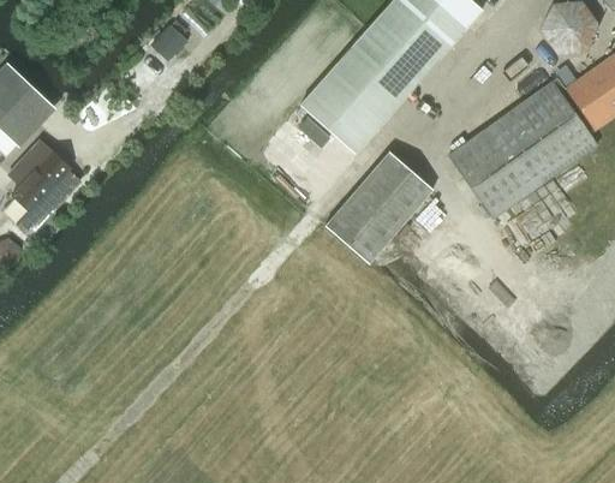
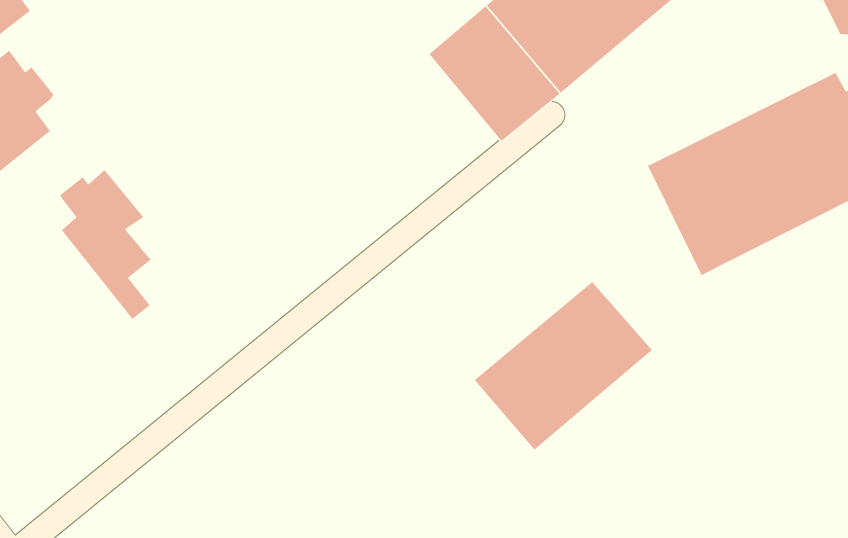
building: [324,151,434,263] -> [474,281,653,451]
building: none -> [60,169,152,320]

